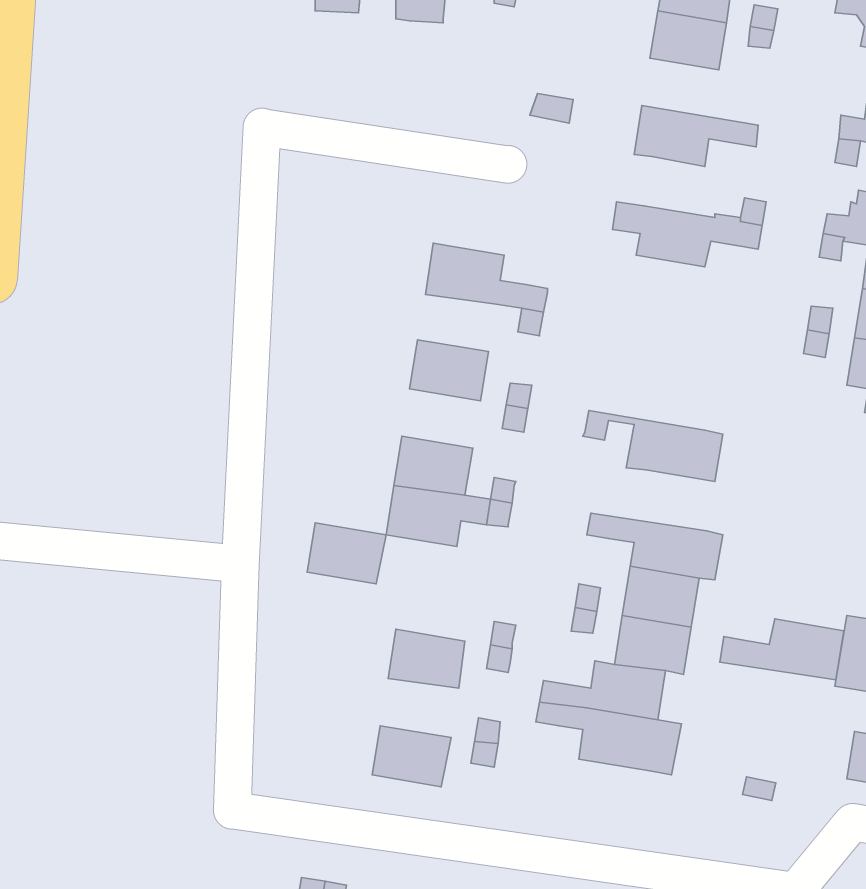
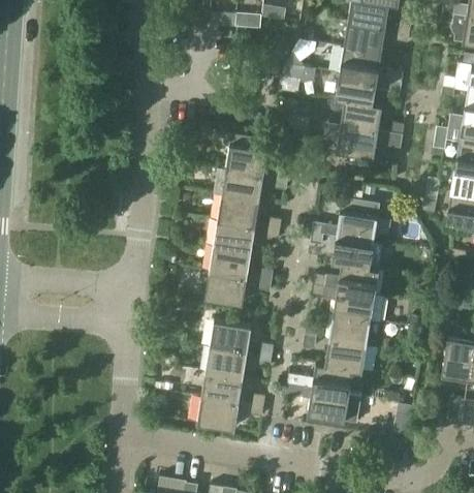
building: none -> [340,48,403,83]
building: none -> [341,99,382,131]
building: none -> [215,170,263,202]
building: none -> [312,195,380,243]
building: none -> [214,221,255,252]
building: [307,523,386,584] -> [211,321,252,353]
building: [720,619,844,680] -> [313,264,378,296]
building: none -> [202,373,244,404]

